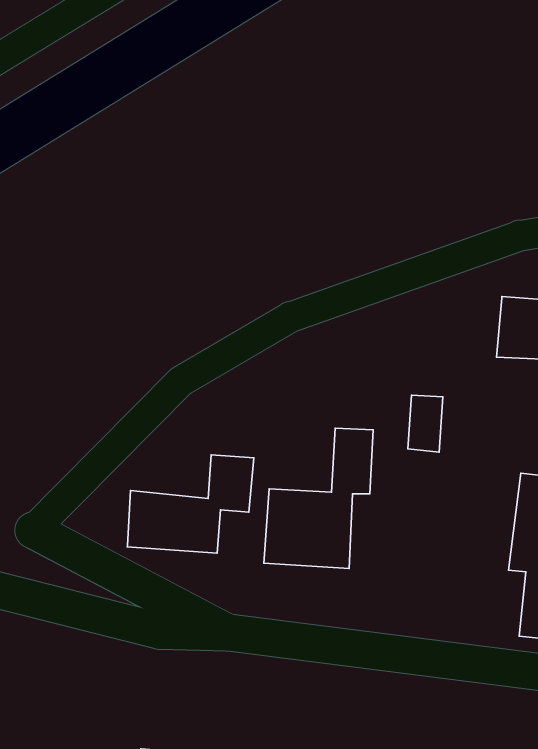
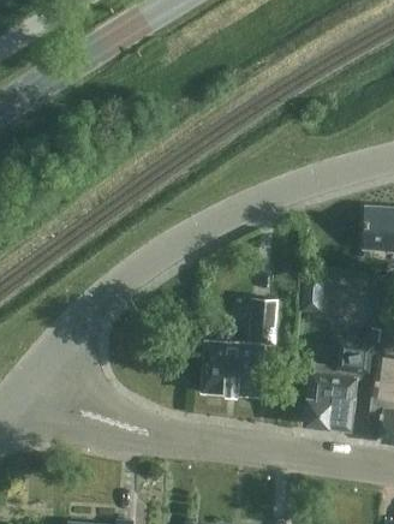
building: [127,455,254,553] -> none
building: none -> [306,335,378,429]

